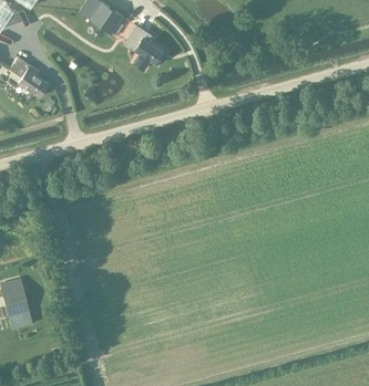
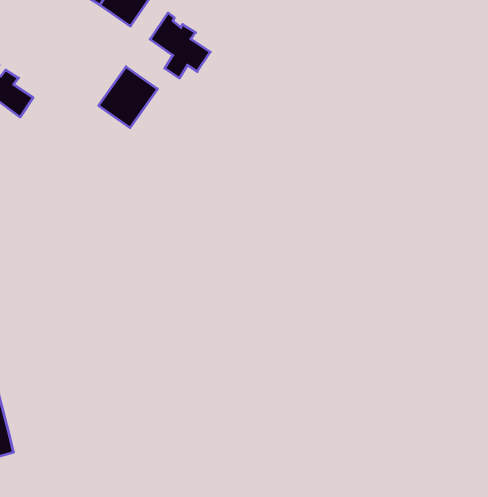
building: none -> [99,67,157,128]

